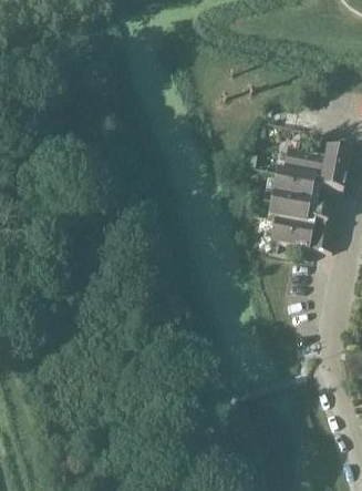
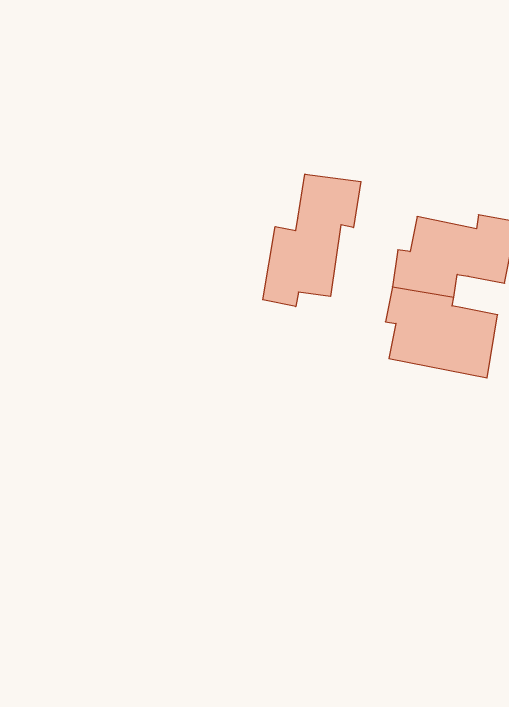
building: none -> [263,174,361,307]

